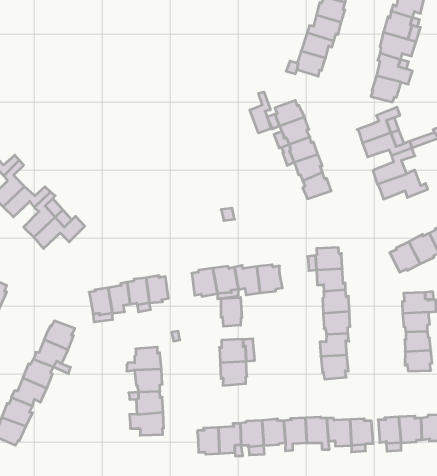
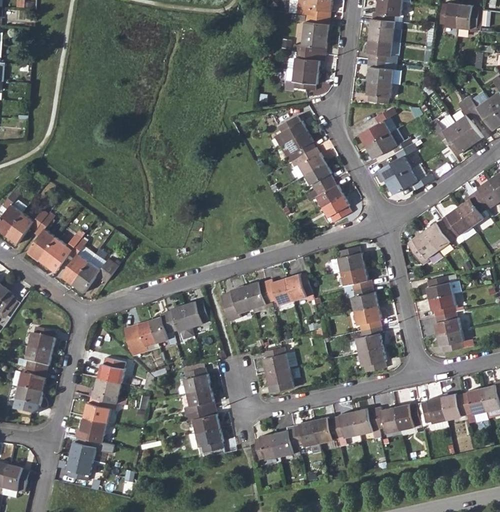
building: [250,92,271,133] -> none
building: none -> [322,195,351,222]
building: [221,297,242,326] -> none

